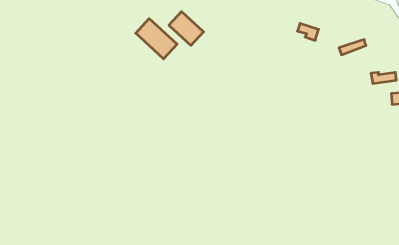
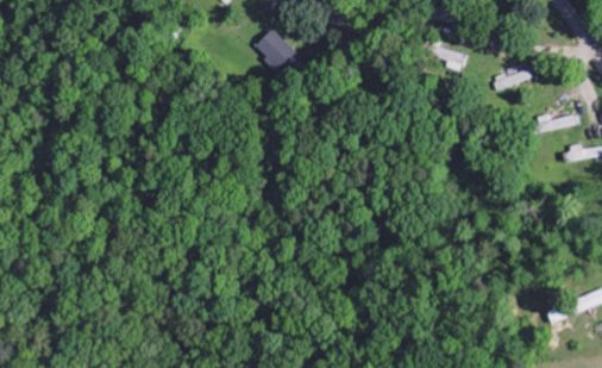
building: [136,19,177,59] -> none

